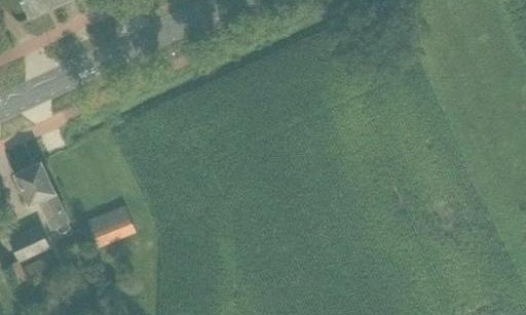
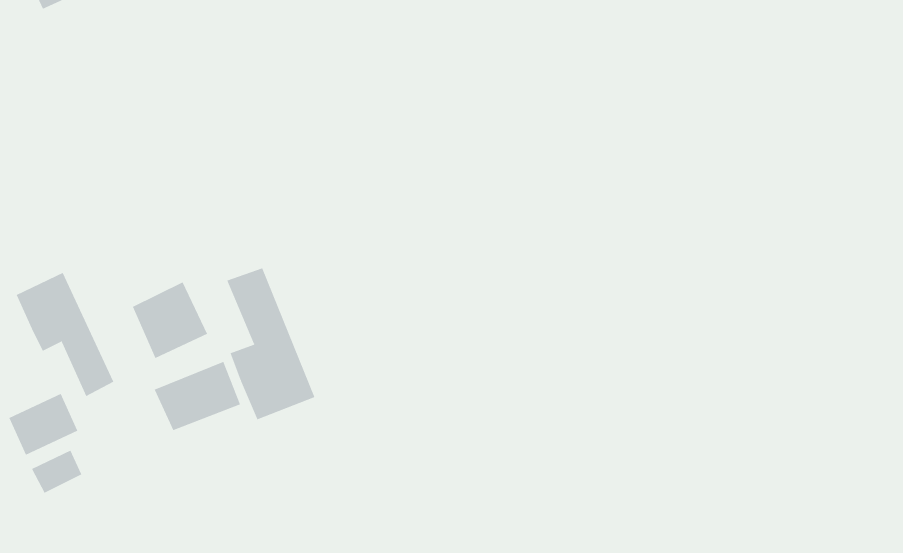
building: none -> [226,268,315,420]
building: none -> [132,281,208,359]

